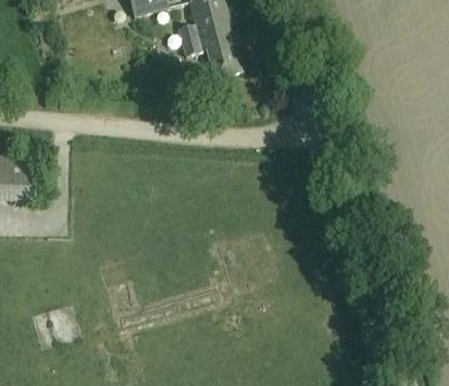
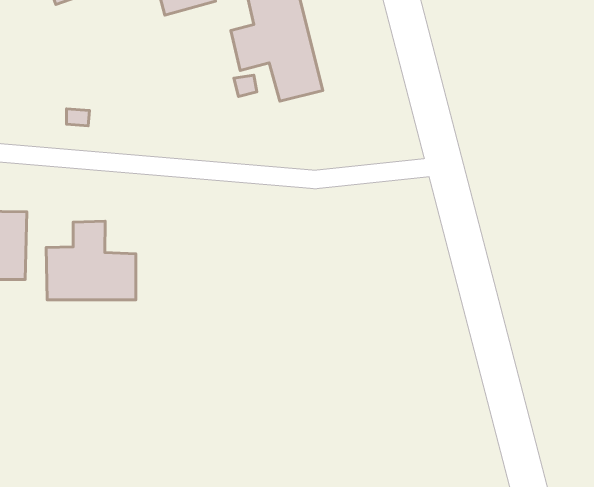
building: none -> [46,221,136,300]

